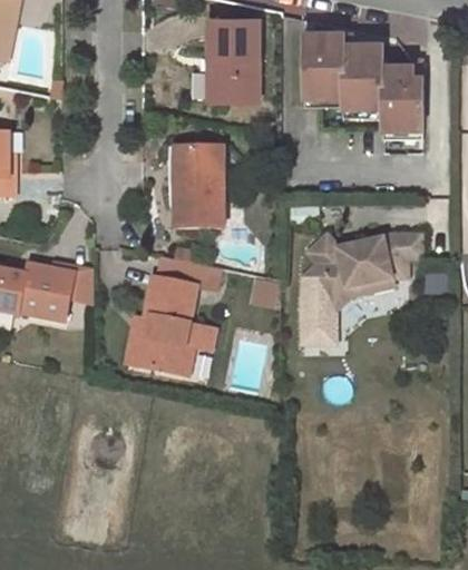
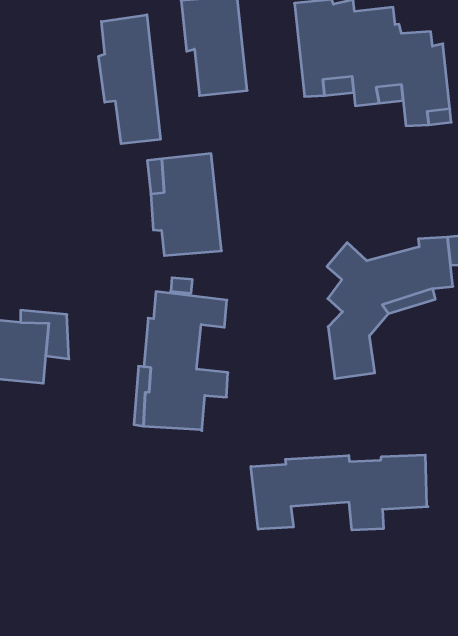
building: none -> [99,15,160,144]
building: none -> [251,455,428,530]

